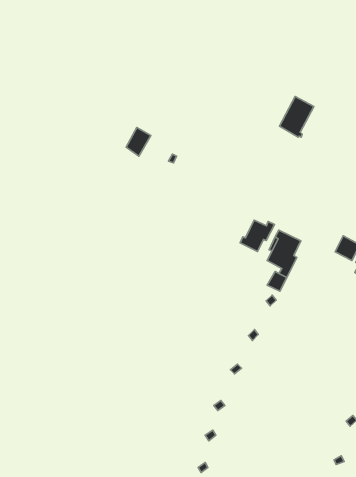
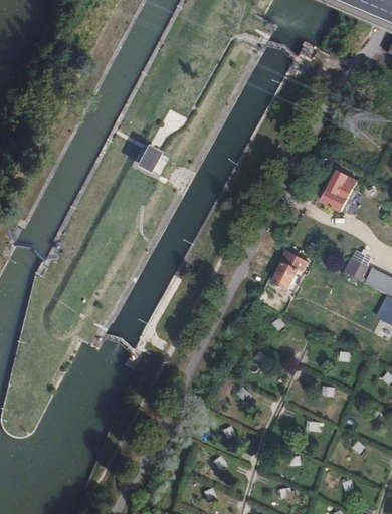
building: [279,97,314,137] -> [322,171,357,212]
building: [240,220,274,251] -> none

